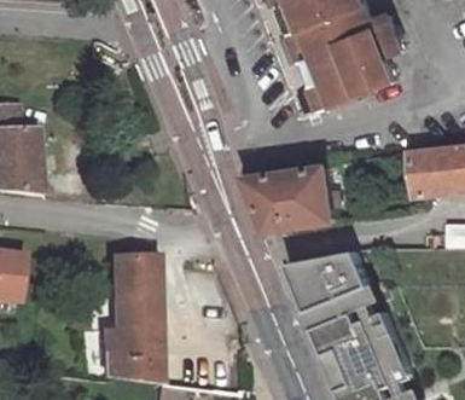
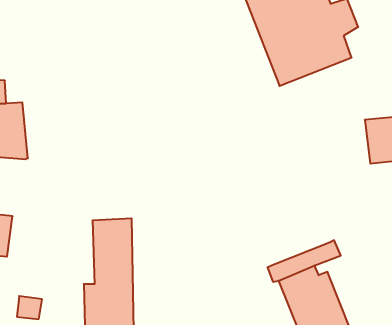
building: [250,166,339,232] -> none
building: [291,249,374,311] -> none

